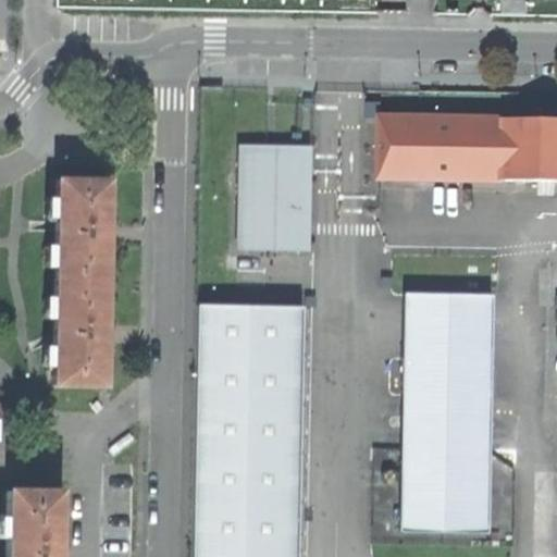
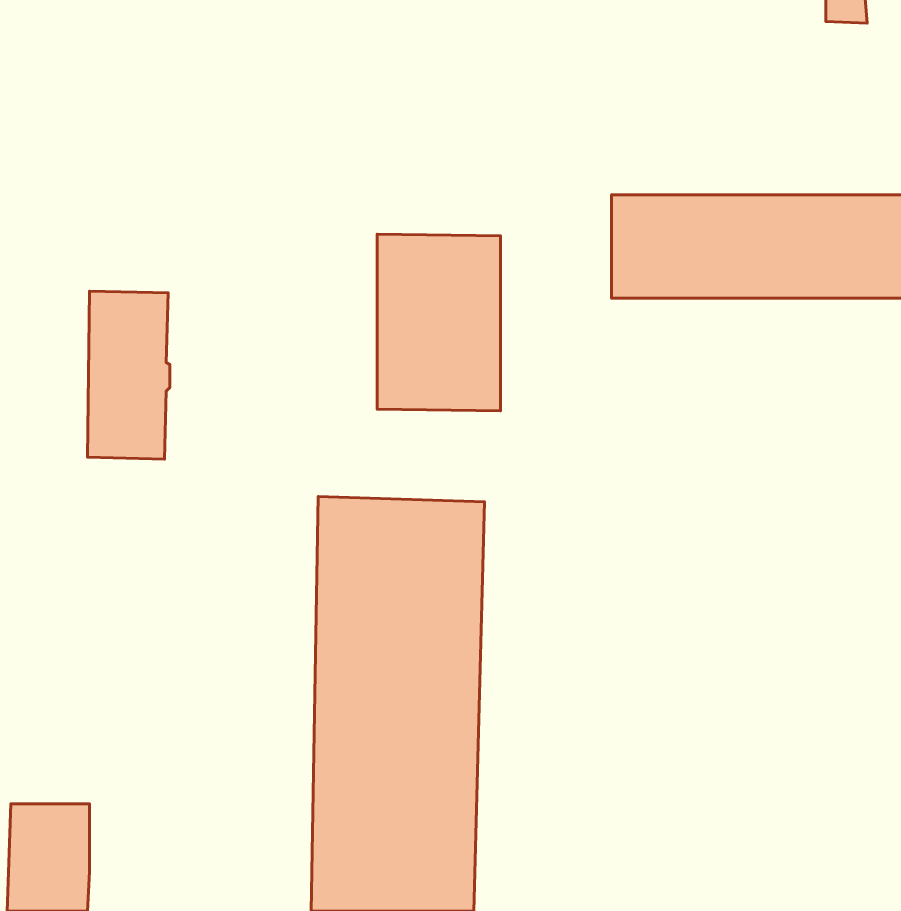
building: [60,278,110,397] -> none
building: [401,287,494,528] -> none

